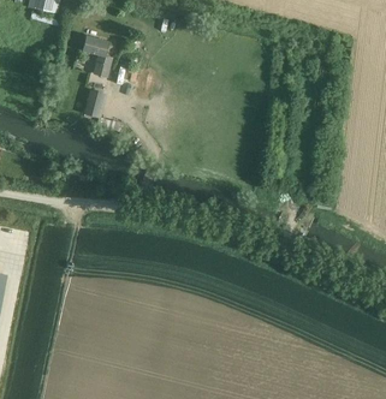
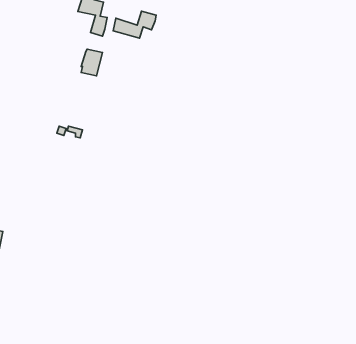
building: none -> [113,11,156,38]

